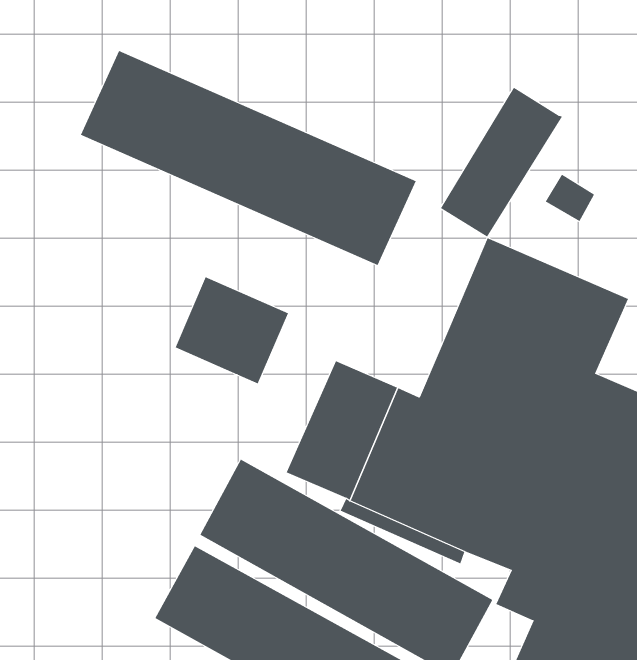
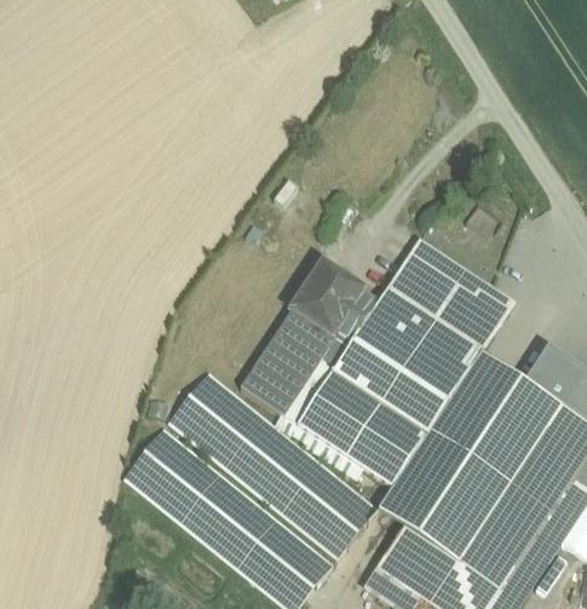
building: [80,50,417,266] -> none
building: [440,87,563,238] -> none
building: [175,277,289,384] -> [292,263,380,349]

